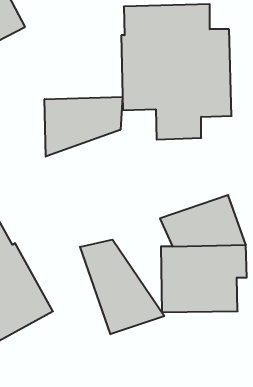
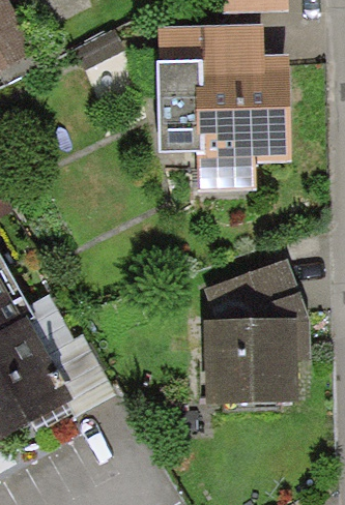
building: [45,97,123,157] -> none
building: [80,240,164,334] -> none

